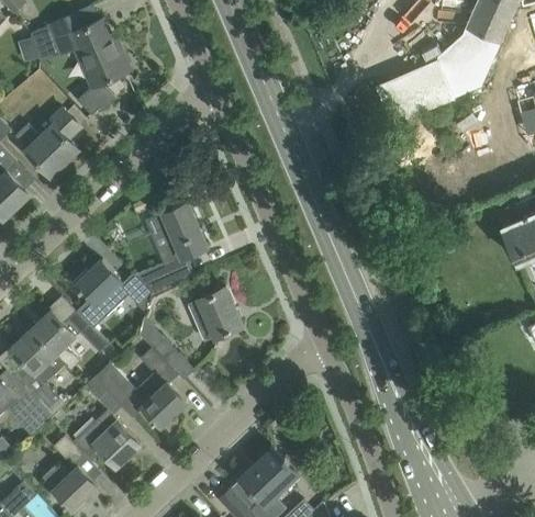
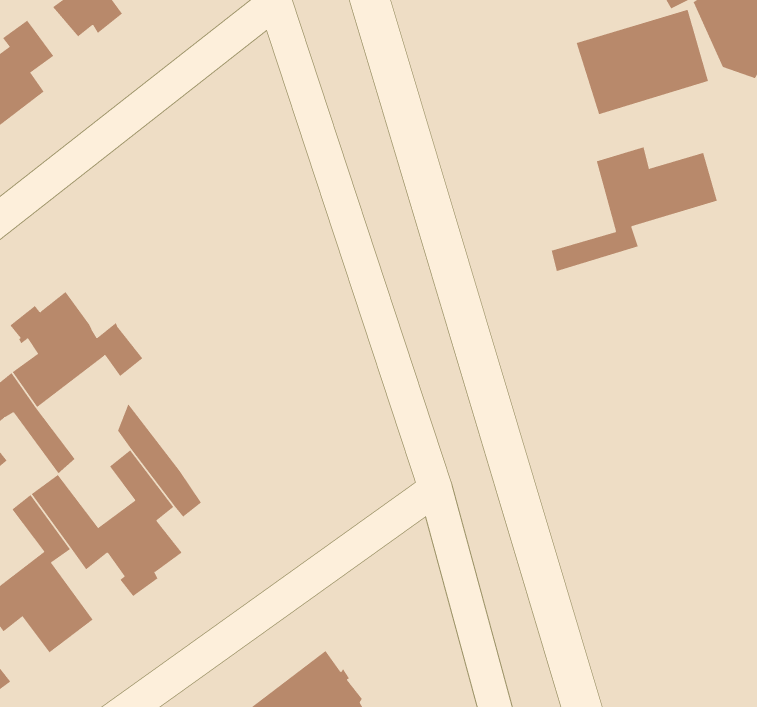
building: none -> [551,147,717,272]
building: [145,202,207,258] -> none
building: [134,262,175,293] -> none
building: [189,288,241,340] -> none

